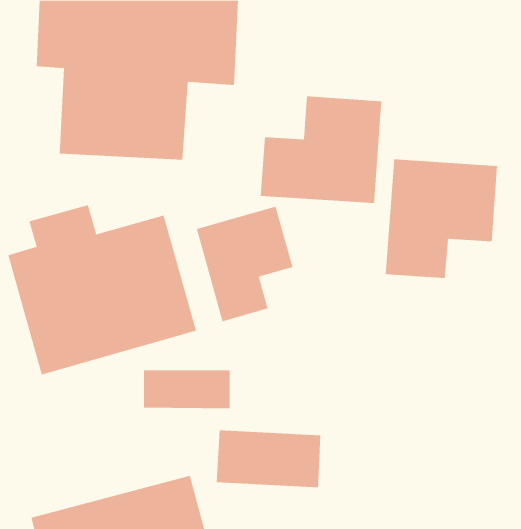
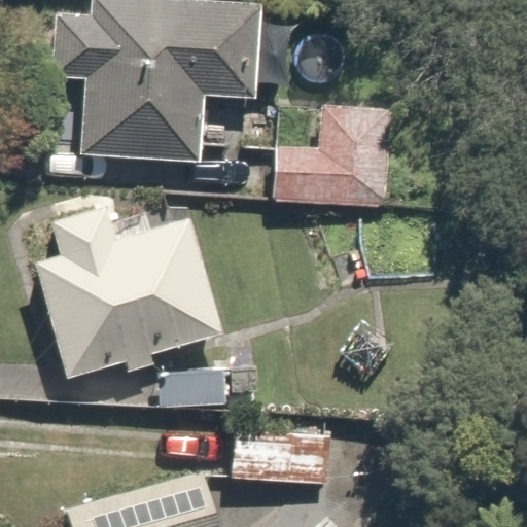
building: [385,159,497,279] -> none
building: [196,206,293,322] -> none

